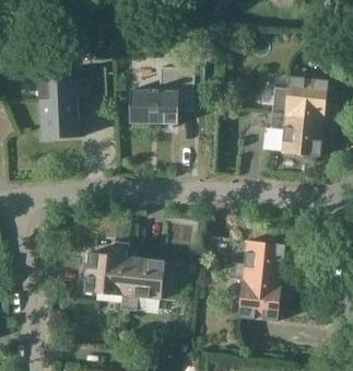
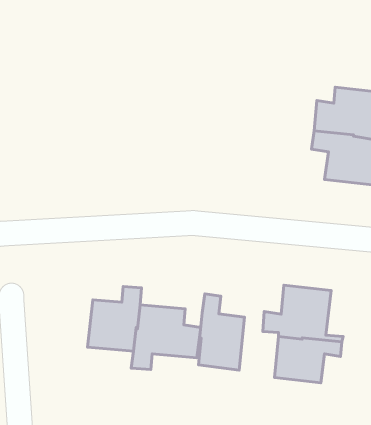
building: [37,67,106,139] -> none
building: [129,67,202,124] -> none
building: none -> [198,294,244,370]

